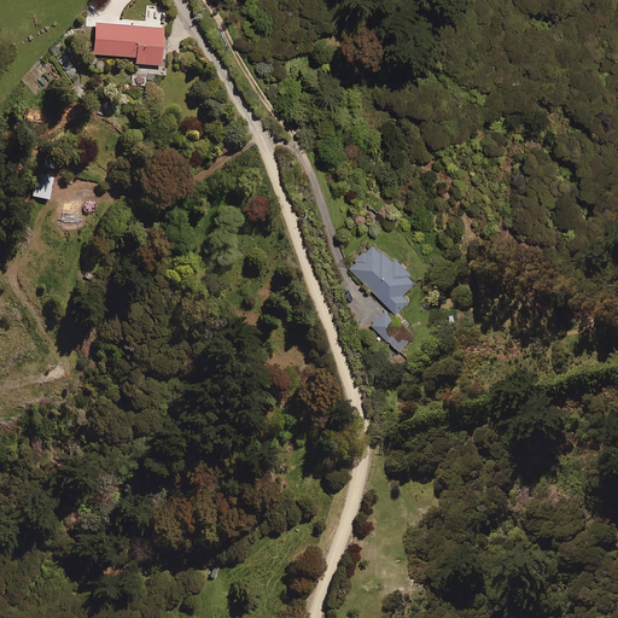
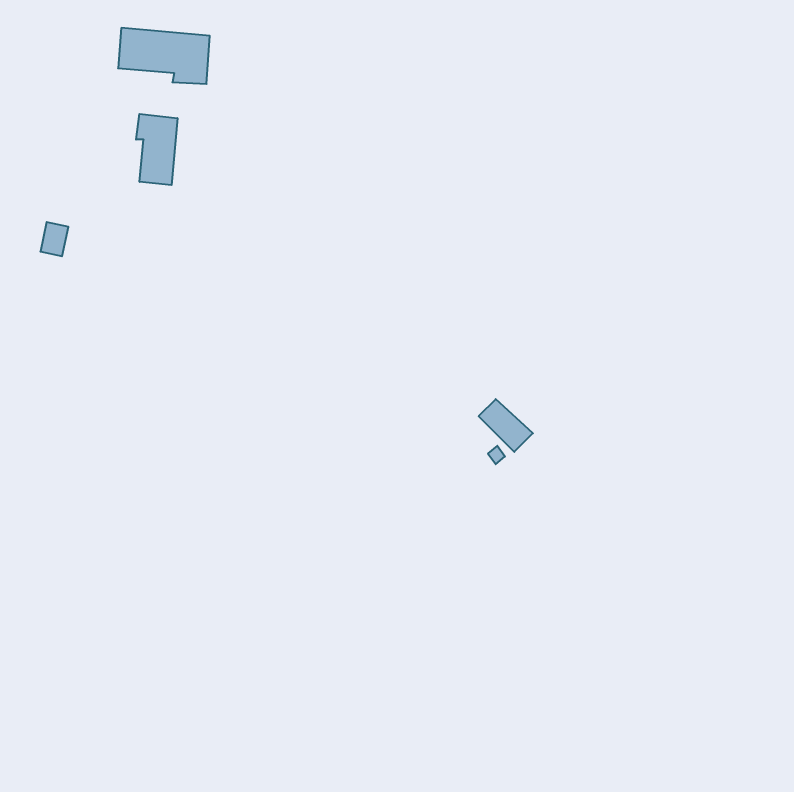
building: none -> [136,114,177,185]
building: [350,244,415,314] -> none

